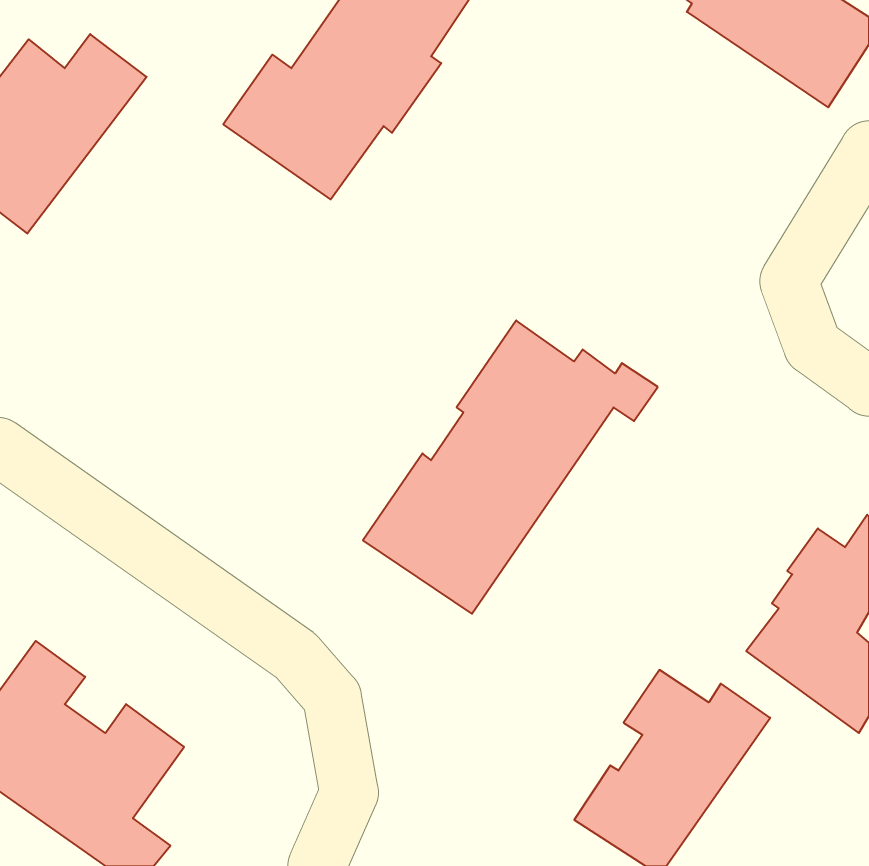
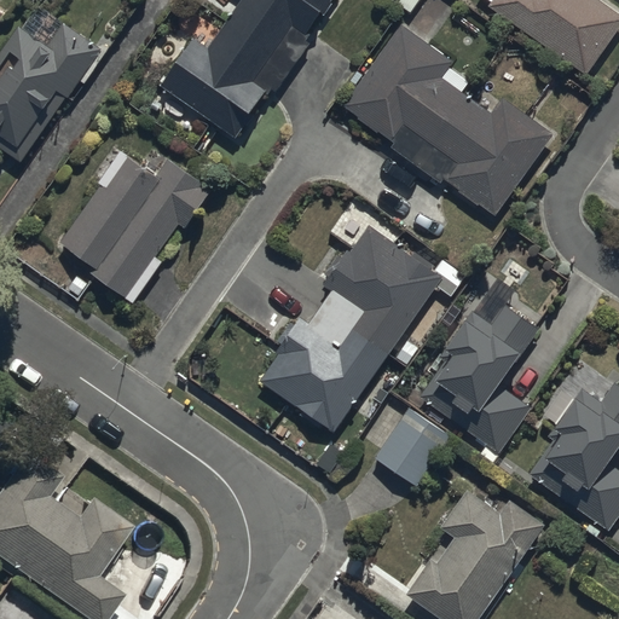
building: none -> [343,27,551,215]
building: none -> [57,155,210,306]
building: none -> [420,276,532,440]
building: none -> [376,397,449,472]

